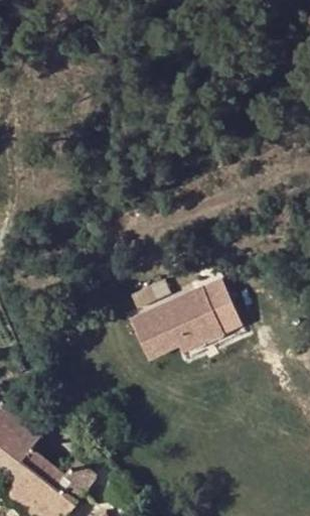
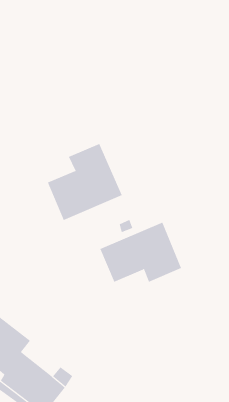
building: none -> [47,143,123,221]

